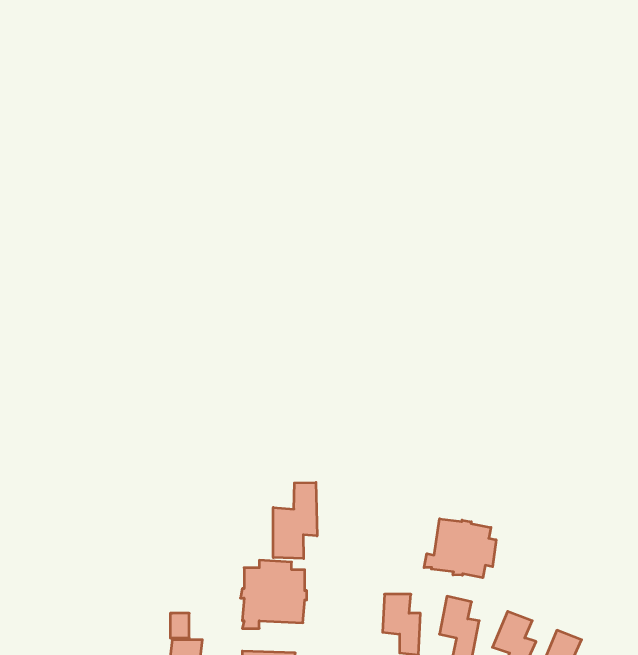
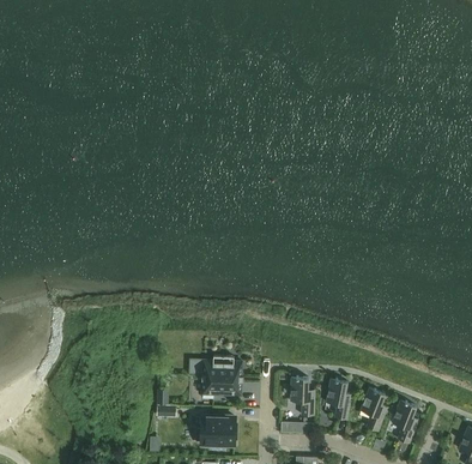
building: [273,482,317,559] -> none
building: [424,519,496,578] -> none

